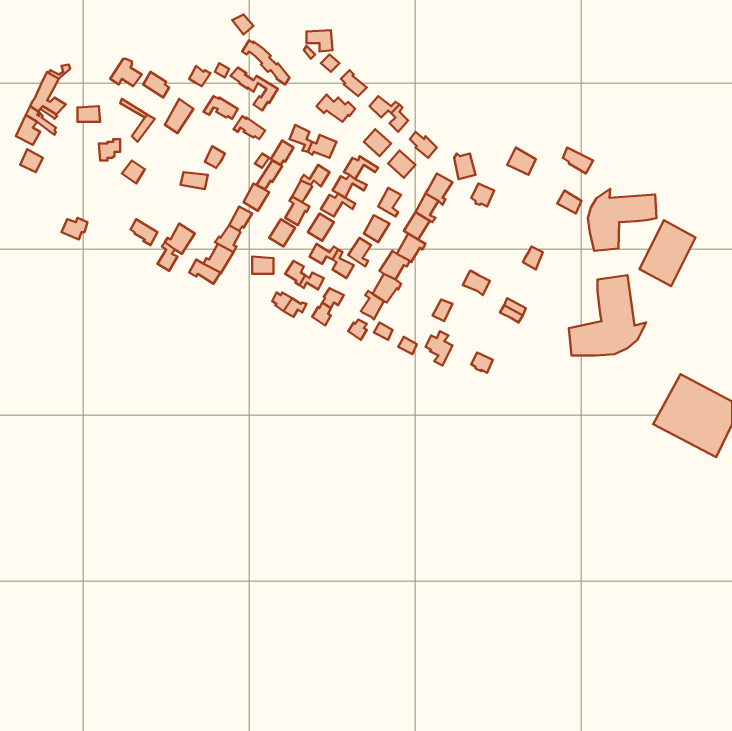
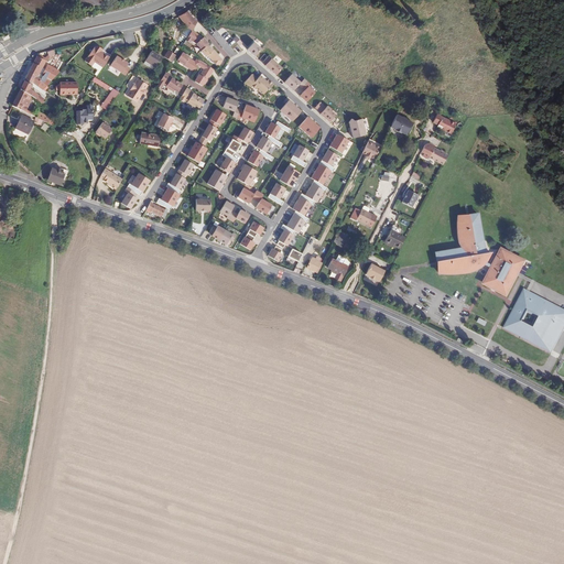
building: [588,189,657,251] -> none
building: [640,220,695,286] -> [484,246,527,296]

